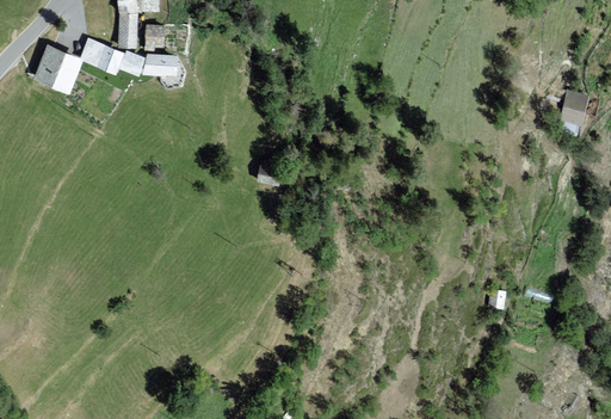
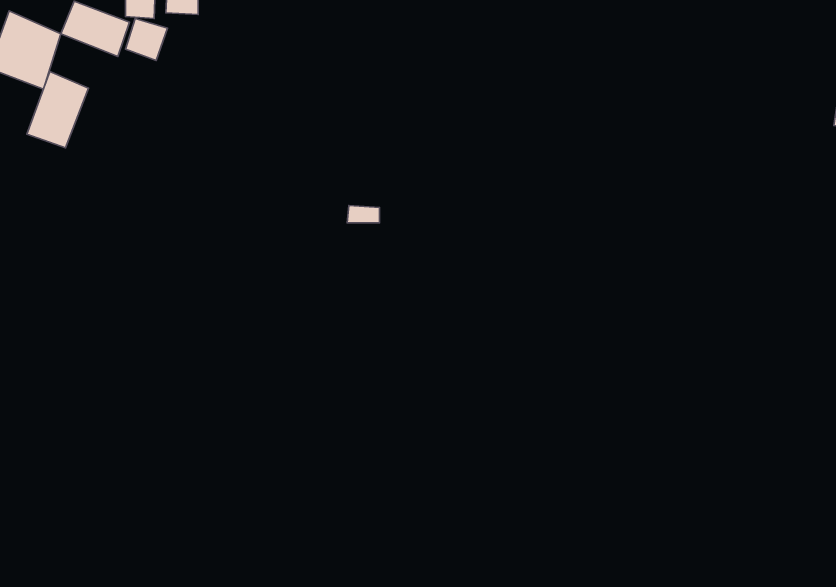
building: [146,55,178,76] -> none
building: none -> [27,72,89,148]

